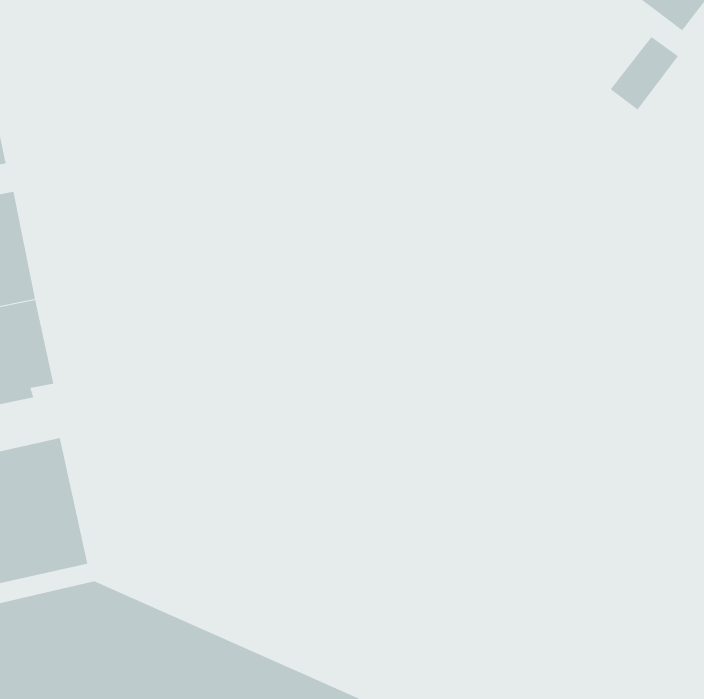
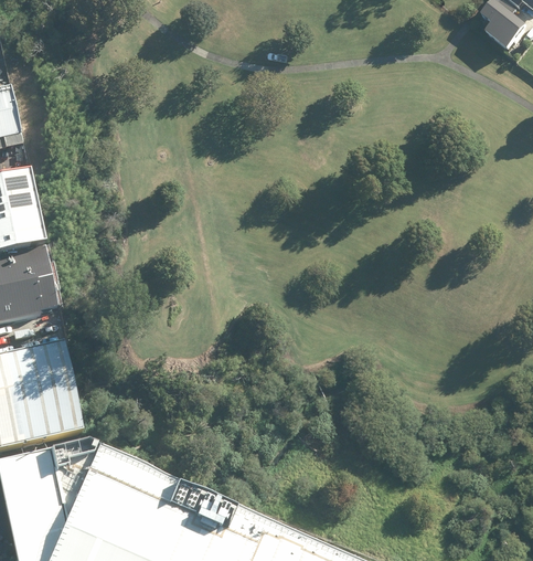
building: [610,36,679,110] -> none

